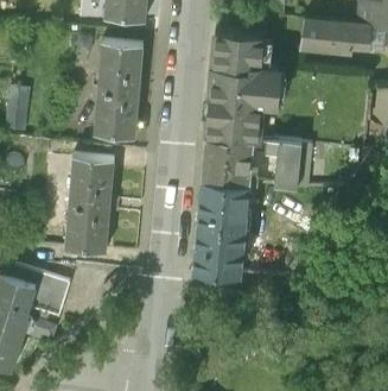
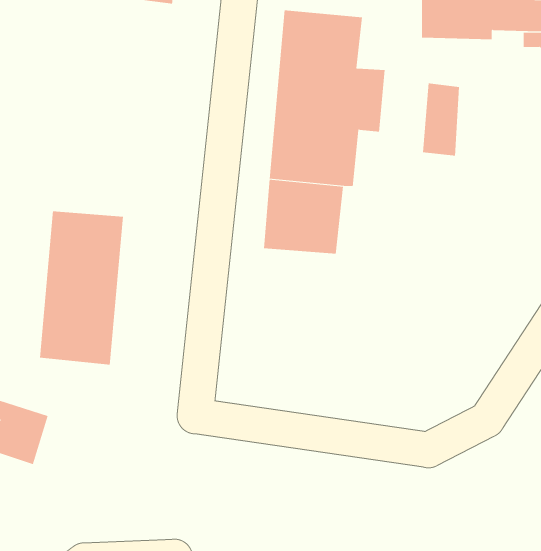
building: [90,42,142,139] -> none
building: [275,140,299,187] -> [422,83,460,156]
building: [193,178,248,273] -> none

